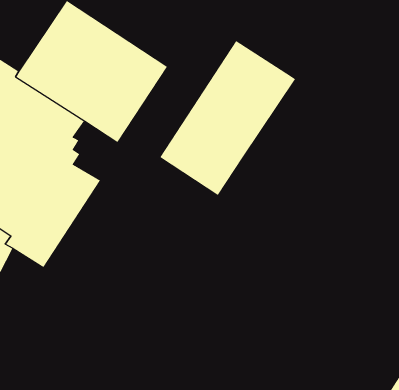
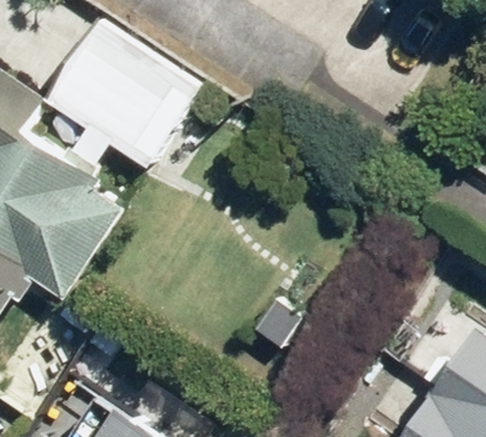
building: [160,40,296,196] -> none

